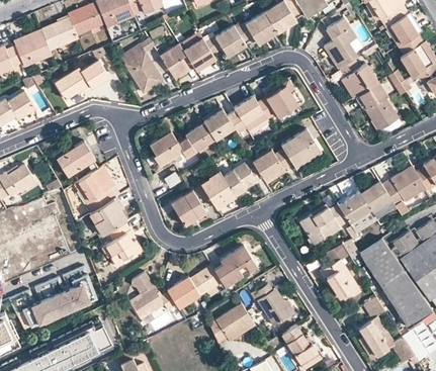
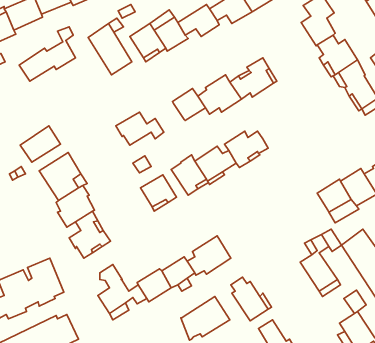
building: [183,120,212,148] -> none
building: [280,127,319,164] -> none
building: [300,205,349,245] -> none

